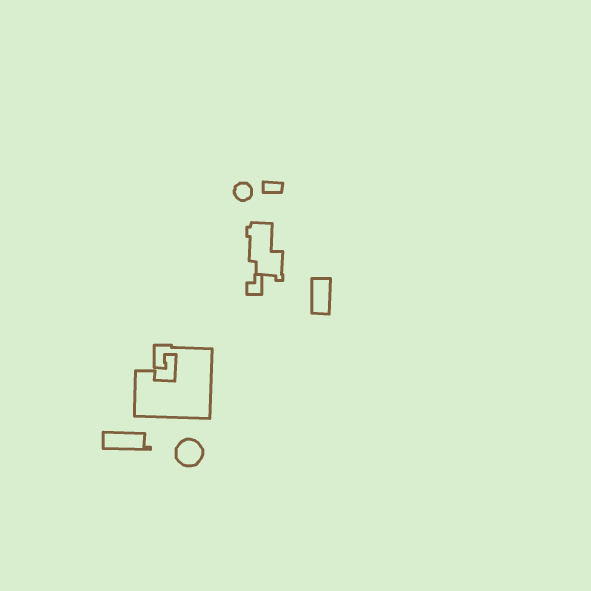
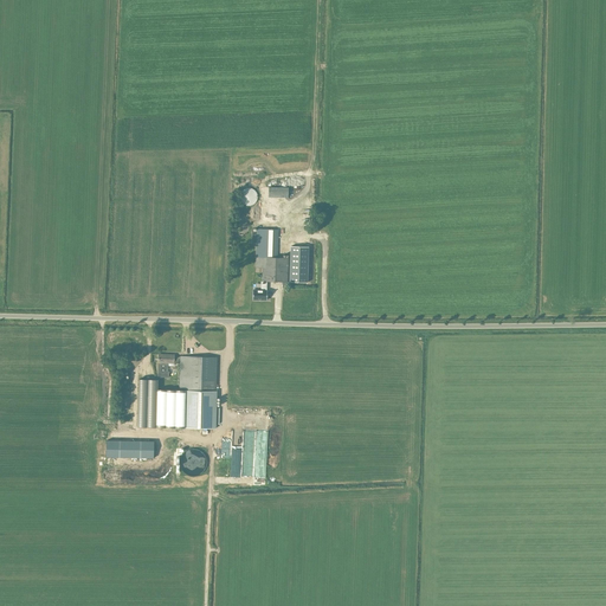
building: [312,278,330,314] -> [294,245,312,282]
building: none -> [232,427,256,476]

